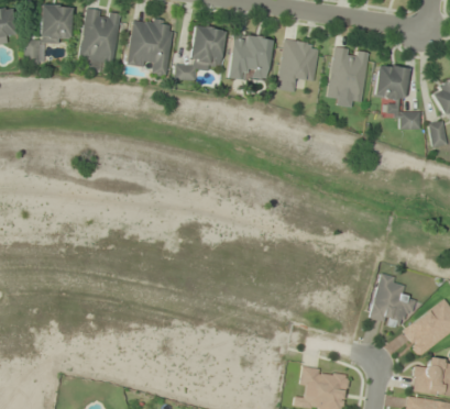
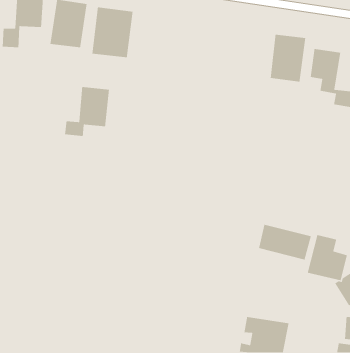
building: [174,25,226,82] -> [64,86,110,137]
building: [228,33,273,81] -> none
building: [277,40,320,92] -> none
building: none -> [258,224,312,261]

